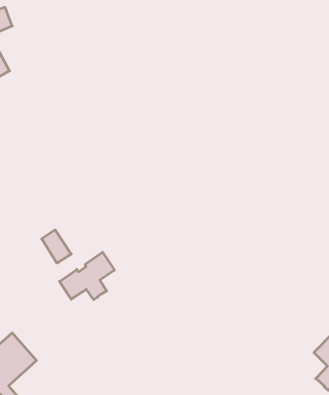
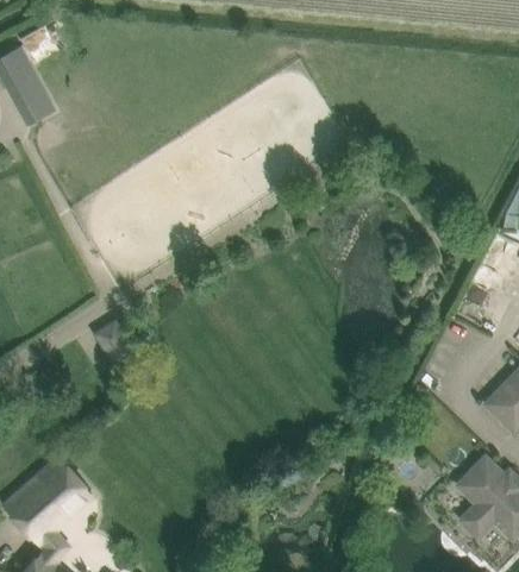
building: [59,252,114,300] -> none

